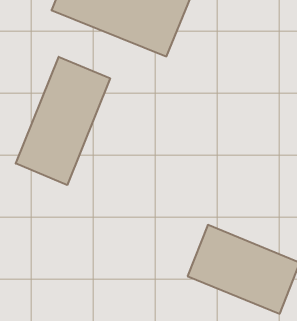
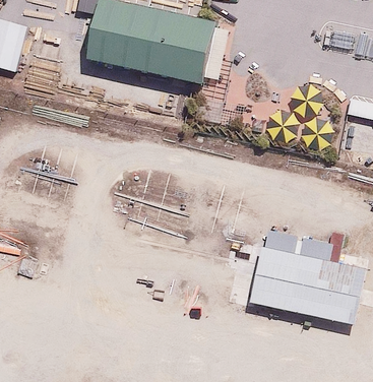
building: [16,57,110,185] -> none

